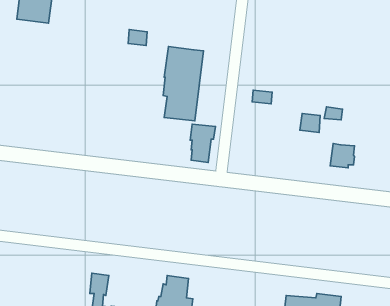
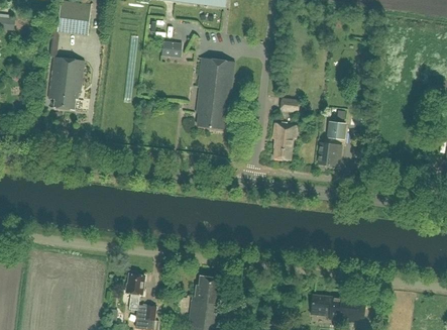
building: none -> [48,57,84,110]
building: [190,124,216,162] -> [272,123,297,159]
building: [330,144,355,168] -> [317,142,340,166]

